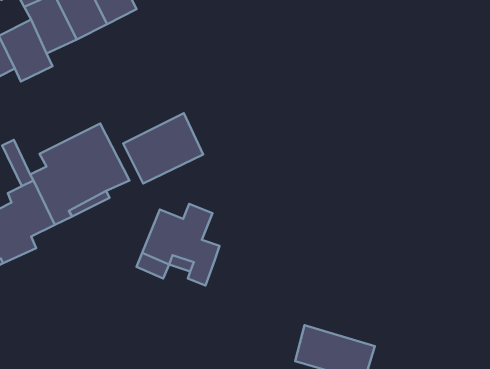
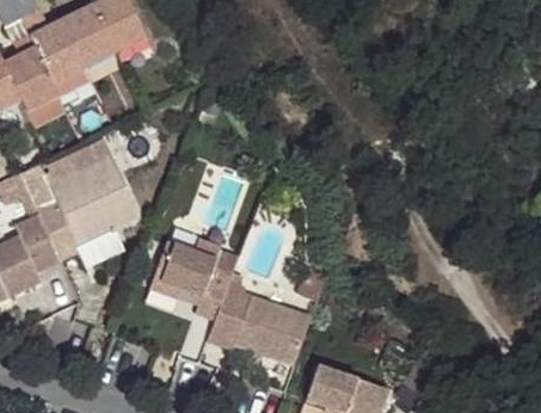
building: [123,113,203,183] -> none
building: none -> [207,294,309,360]

